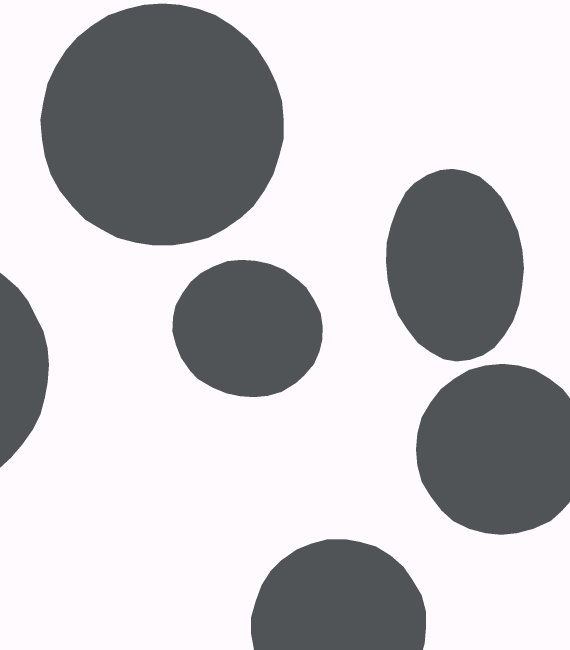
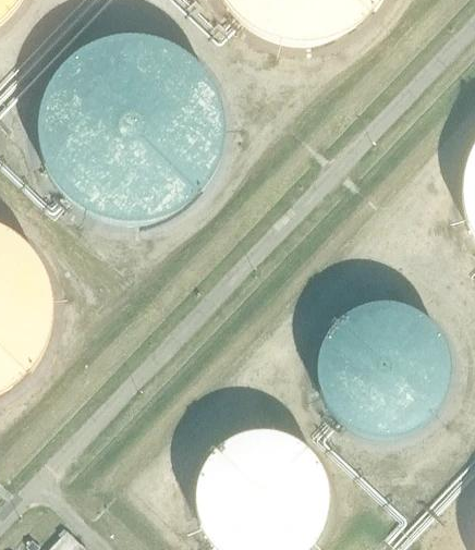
building: [385,168,525,362] -> none
building: [172,259,324,398] -> none

